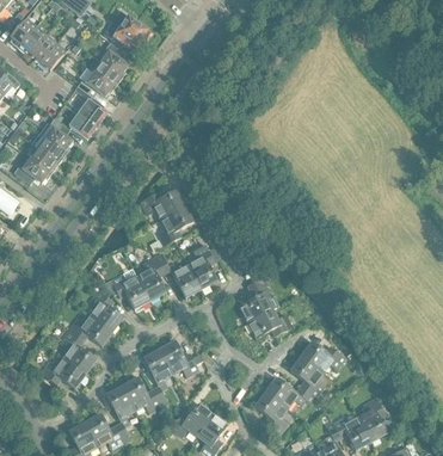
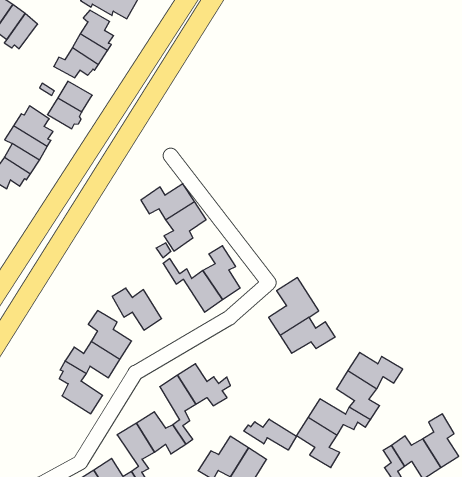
building: [136,255,166,301] -> none
building: [39,358,85,389] -> none
building: none -> [244,419,297,450]

